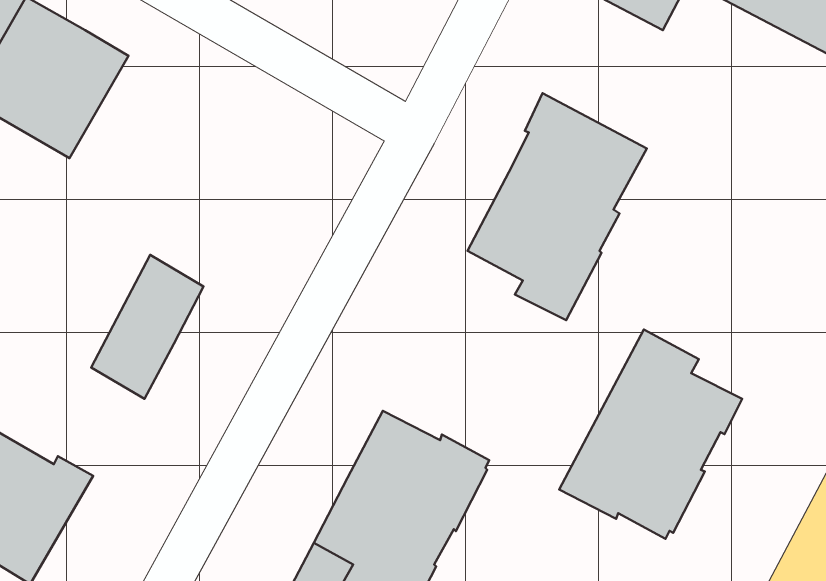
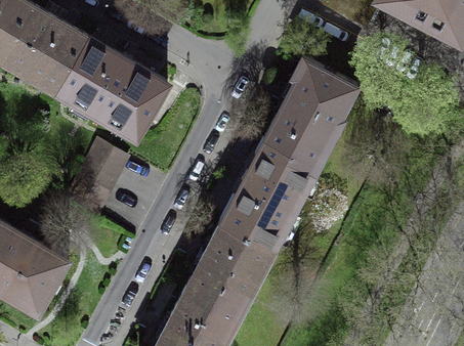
building: none -> [57,41,167,140]
building: [559,330,742,539] -> [220,142,315,251]

